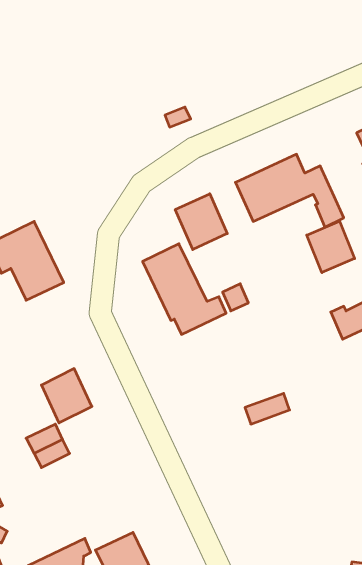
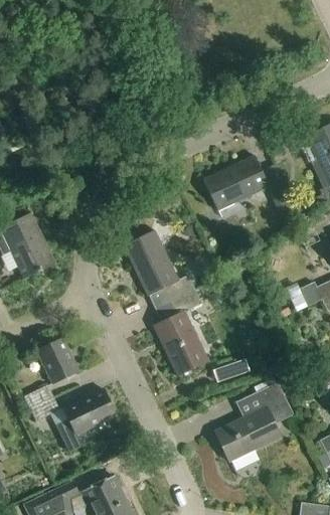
building: [175,194,227,250] -> none
building: [307,221,355,273] -> none
building: none -> [153,290,209,375]
building: none -> [214,379,295,463]
building: none -> [56,388,117,453]

